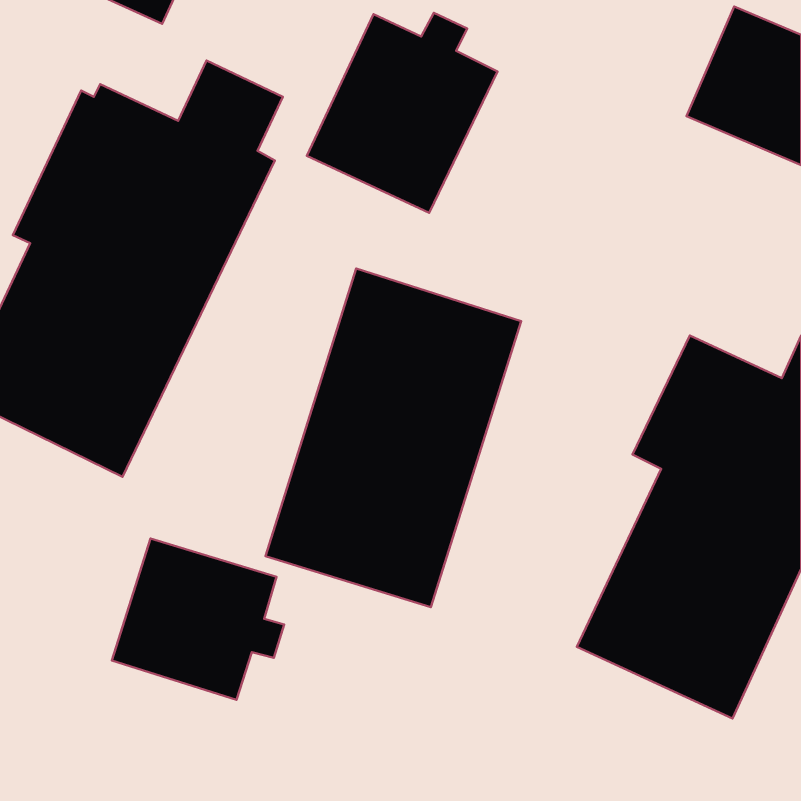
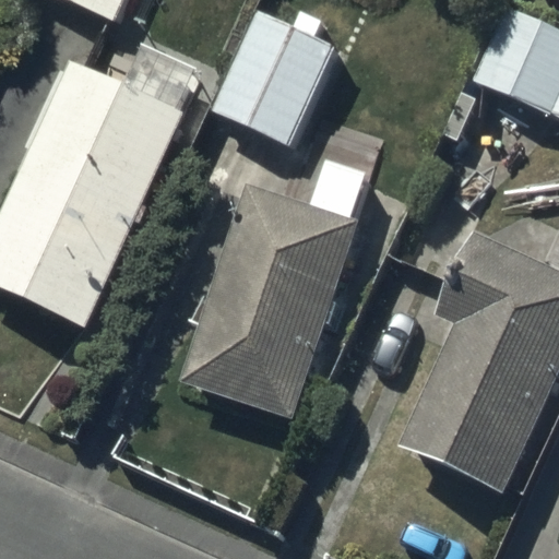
building: [112,539,284,700] -> none

